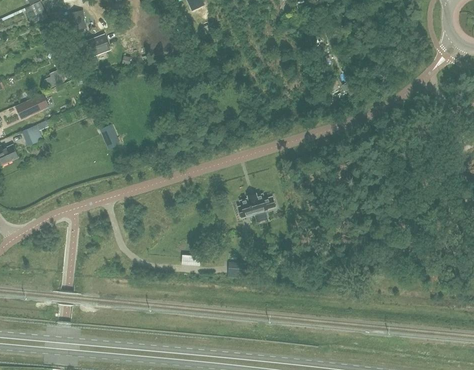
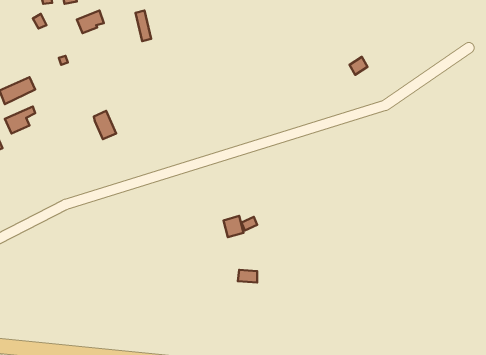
building: [239,195,275,217] -> none

